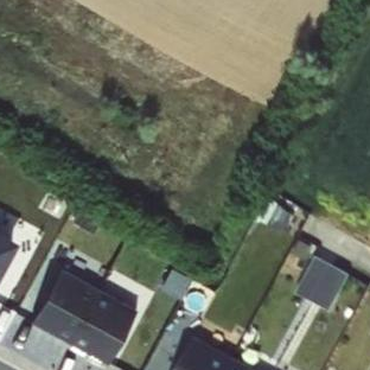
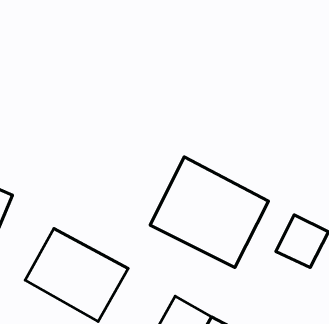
building: none -> [150,157,268,268]

